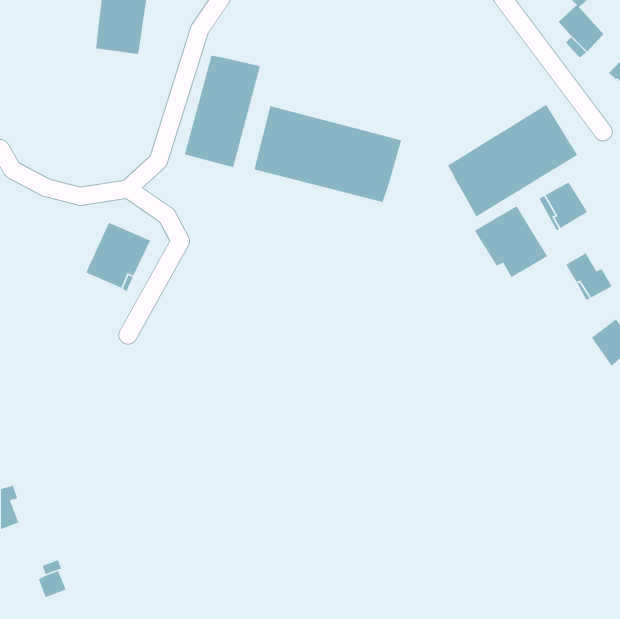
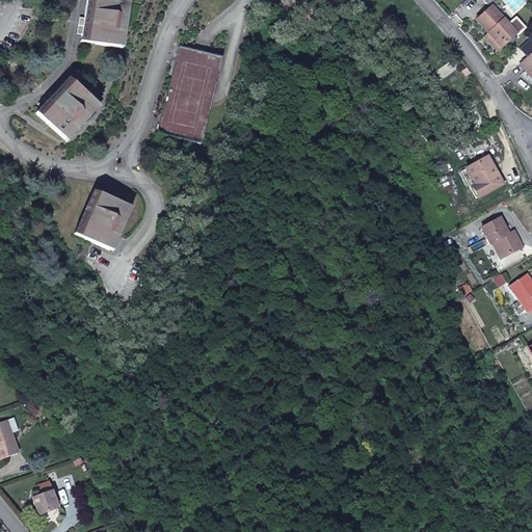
building: none -> [37,76,98,138]
building: [447,104,578,217] -> none
building: [253,105,402,203] -> none
building: [474,205,548,278] -> none

